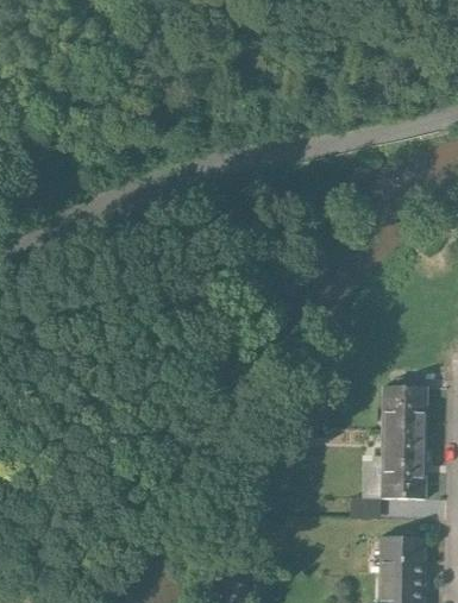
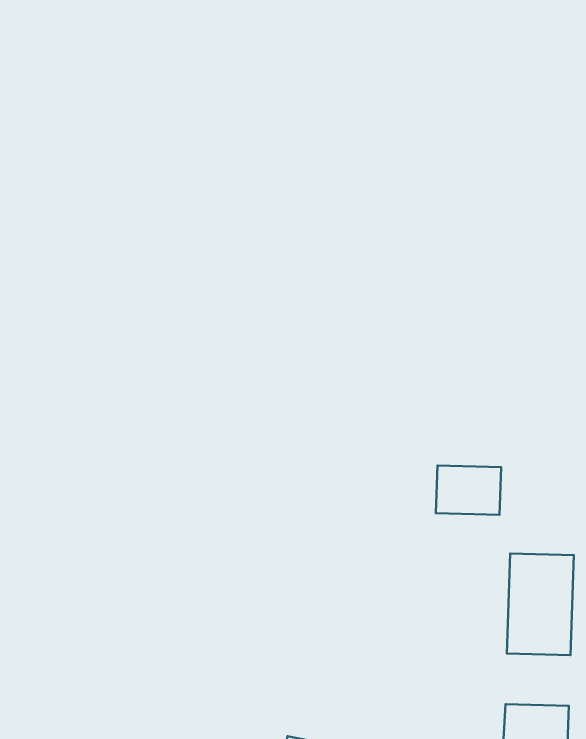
building: [385,389,434,426] -> [436,465,501,515]

